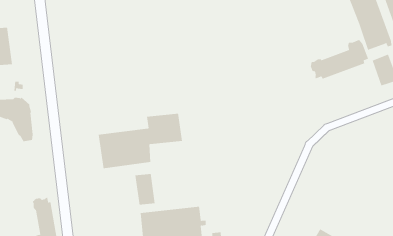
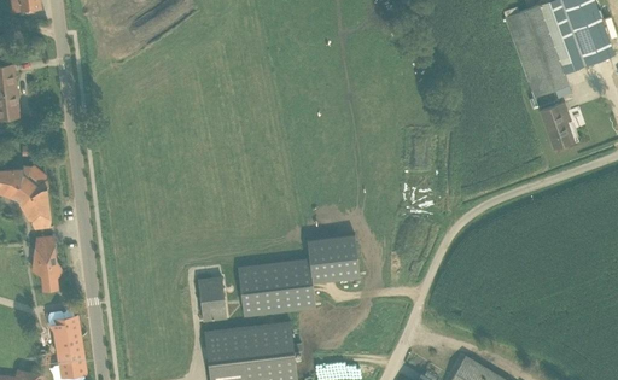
building: [310,39,369,80] -> none
building: [98,113,183,169] -> [237,235,360,316]
building: none -> [31,234,63,290]

